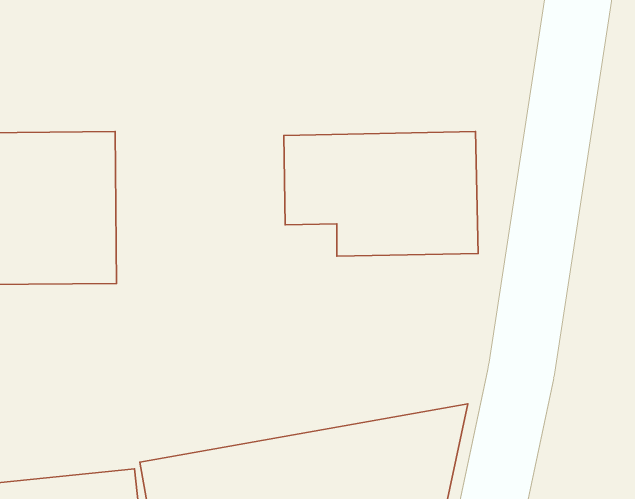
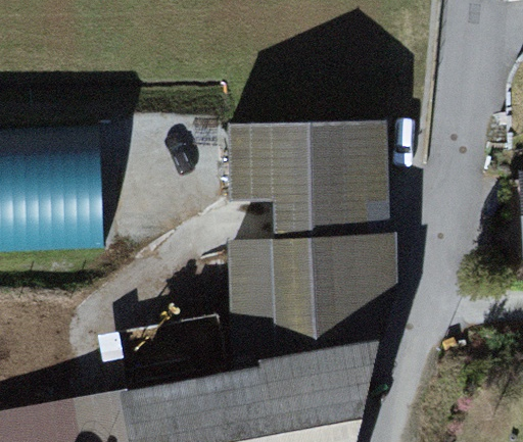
building: none -> [228,235,399,342]

